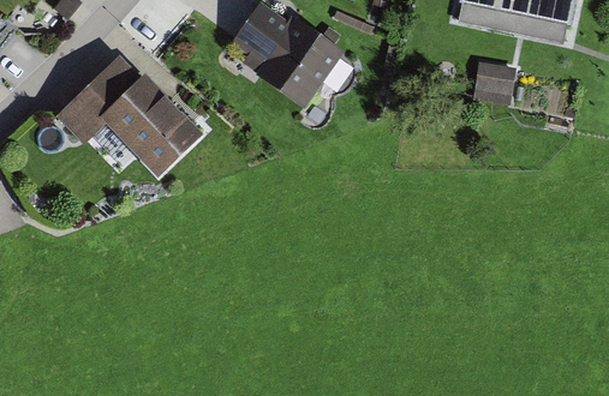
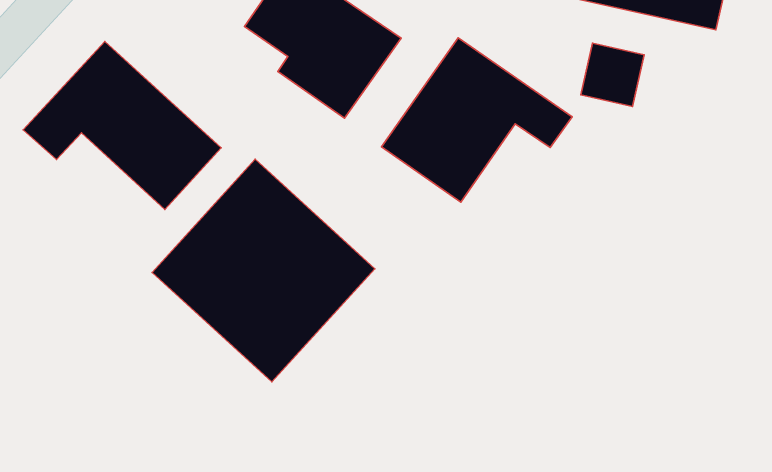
building: none -> [382,38,572,202]
building: none -> [152,159,375,382]

